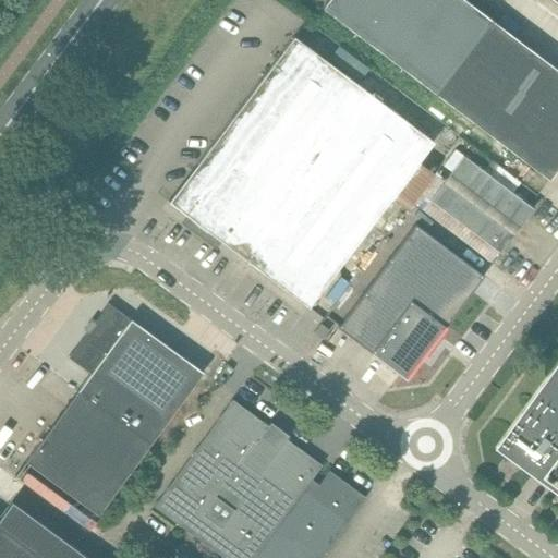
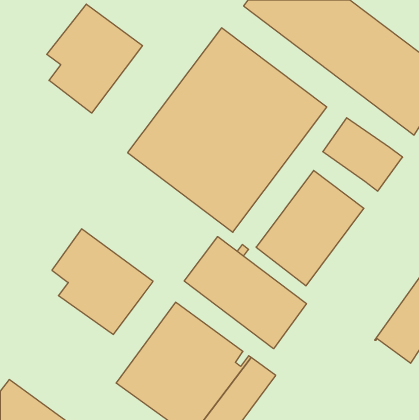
building: none -> [47,4,142,113]
building: none -> [184,237,306,349]
building: [28,392,153,515] -> none

